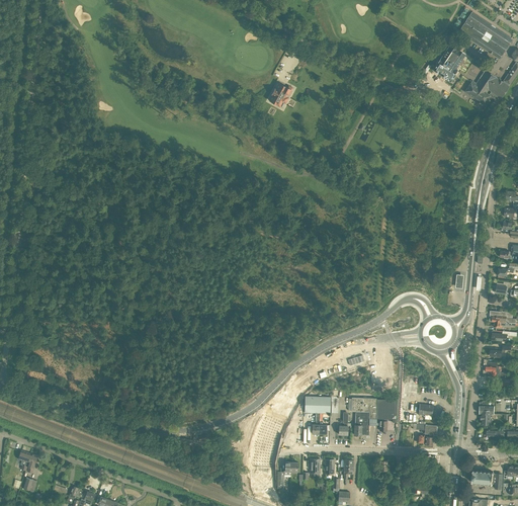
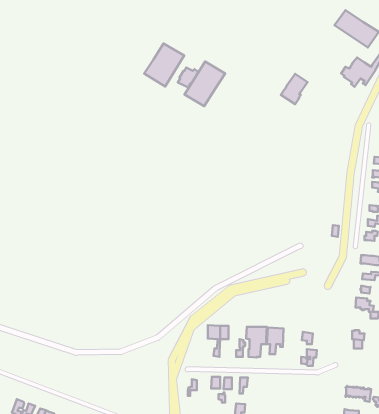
building: [433,45,465,81] -> [281,74,308,104]
building: none -> [144,43,184,86]
building: none -> [185,61,225,106]

